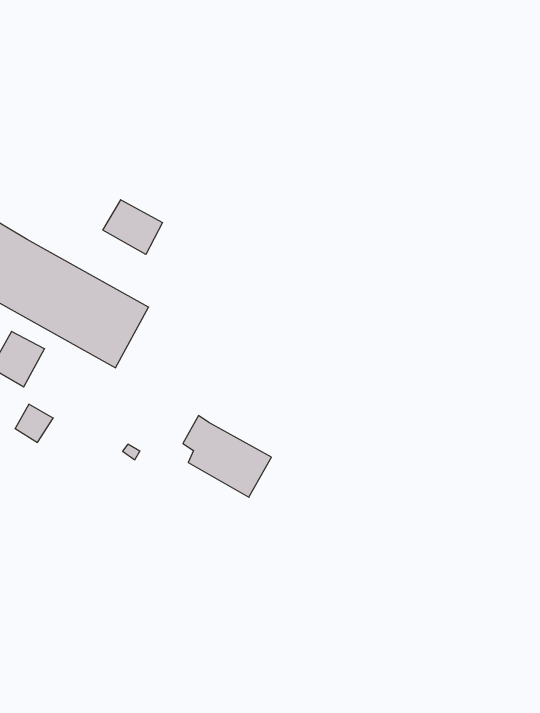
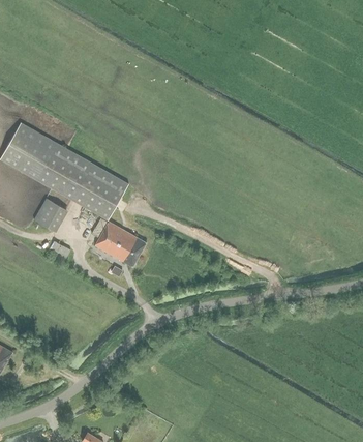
building: [103,200,163,254] -> none
building: [183,416,271,497] -> [92,216,145,265]

